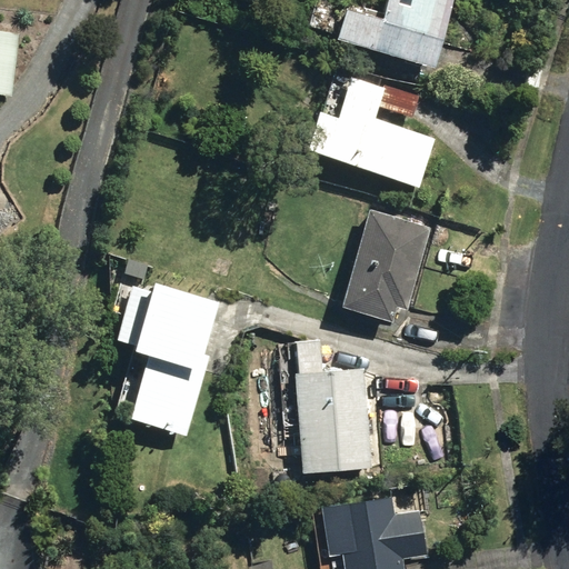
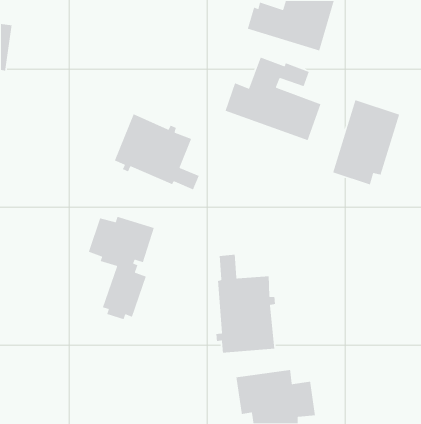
building: none -> [114,113,200,190]
building: [341,208,432,323] -> [332,99,400,185]

